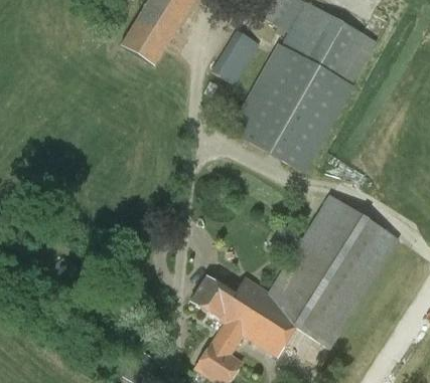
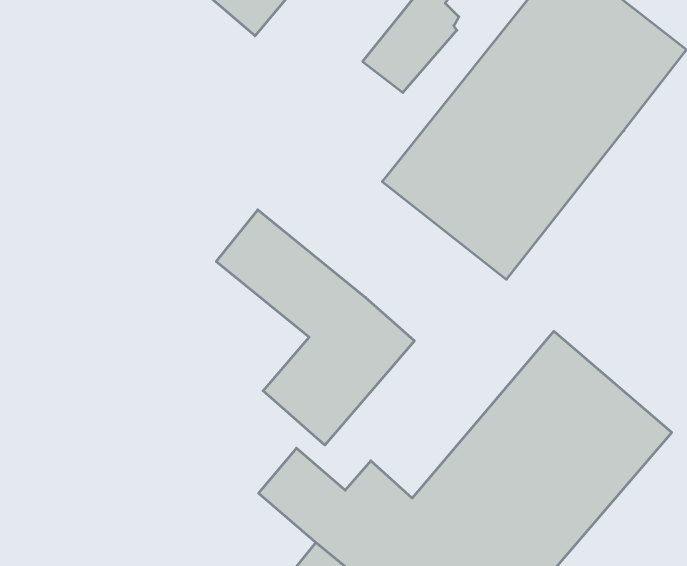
building: none -> [216,210,414,445]

